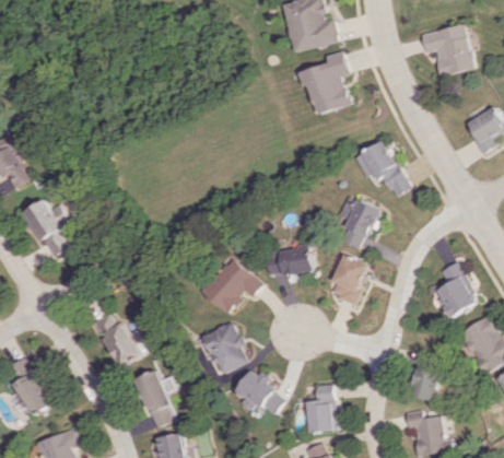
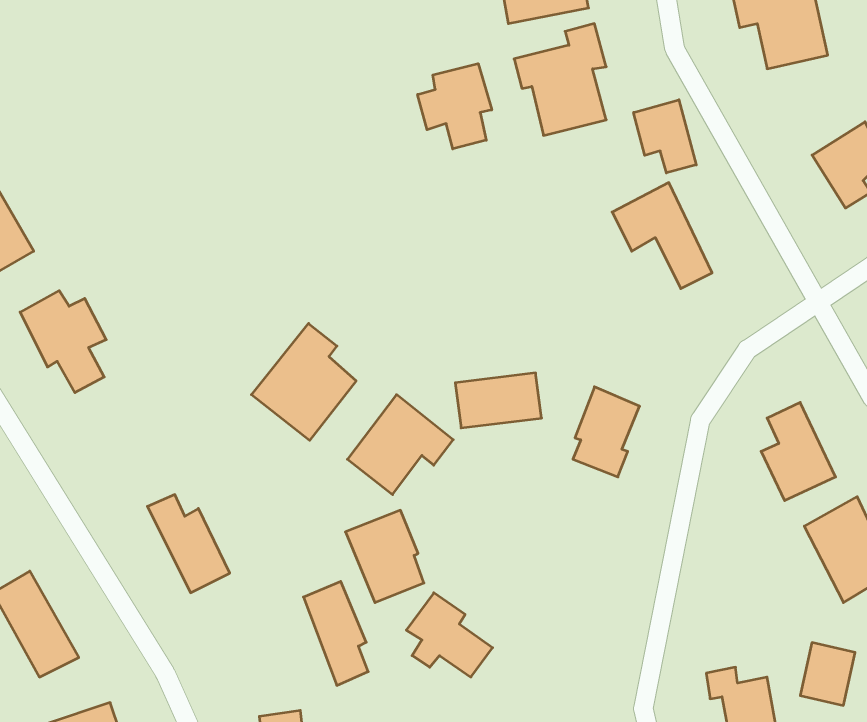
building: none -> [418,64,492,149]
building: none -> [634,100,696,173]
building: [337,195,379,248] -> none
building: none -> [251,323,356,440]
building: [409,365,439,400] -> [800,643,855,705]
building: [133,369,169,427] -> [303,581,368,685]
building: [306,384,336,432] -> none

